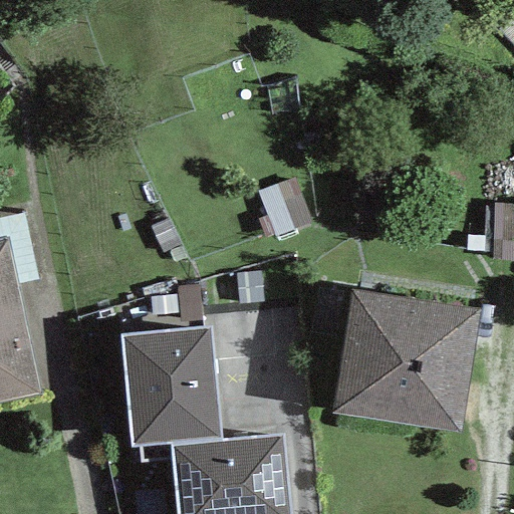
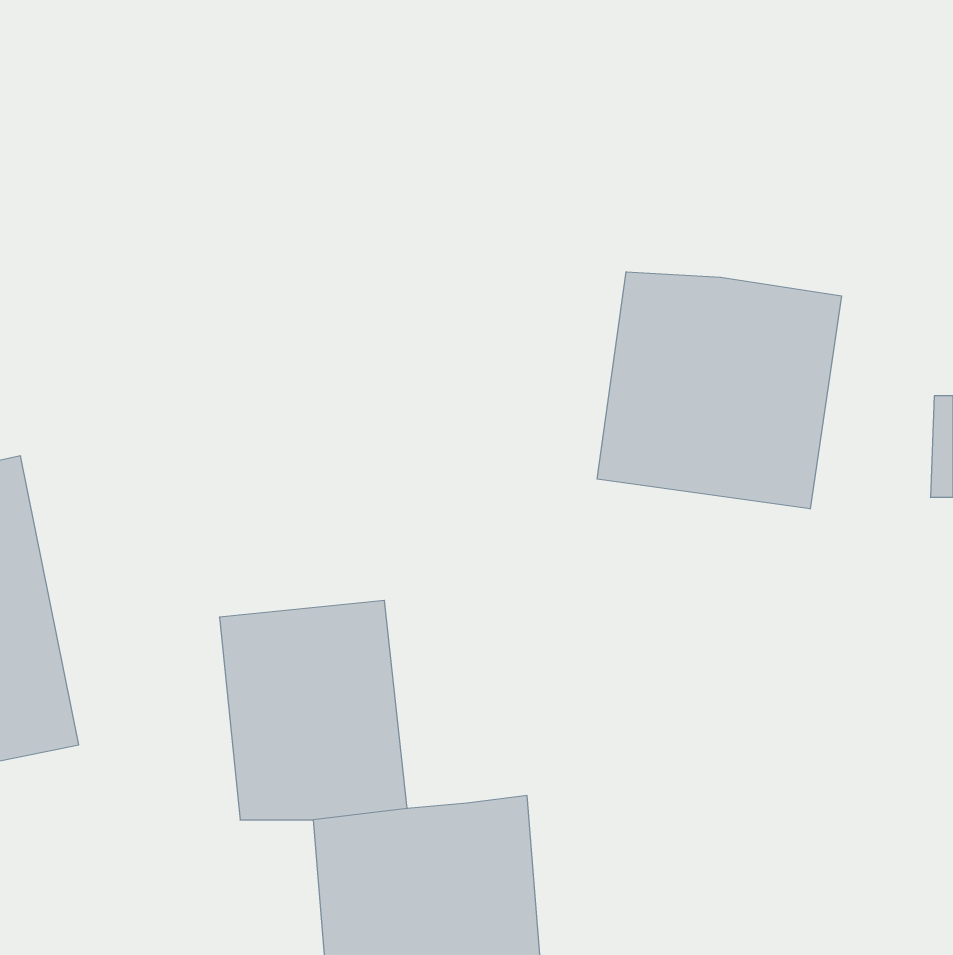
building: none -> [597,272,842,509]
building: [345,296,484,428] -> none

